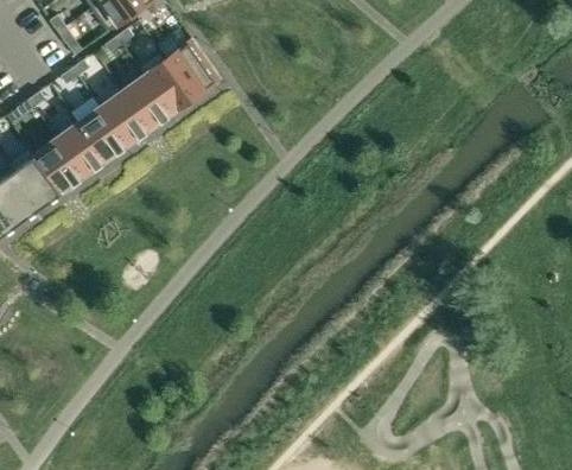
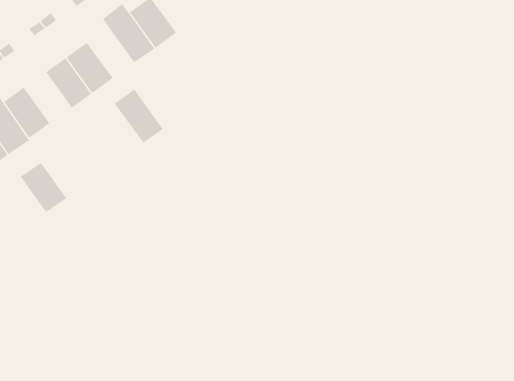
building: [119,66,171,128] -> [114,85,163,143]
building: [56,122,106,176] -> [20,162,67,213]

